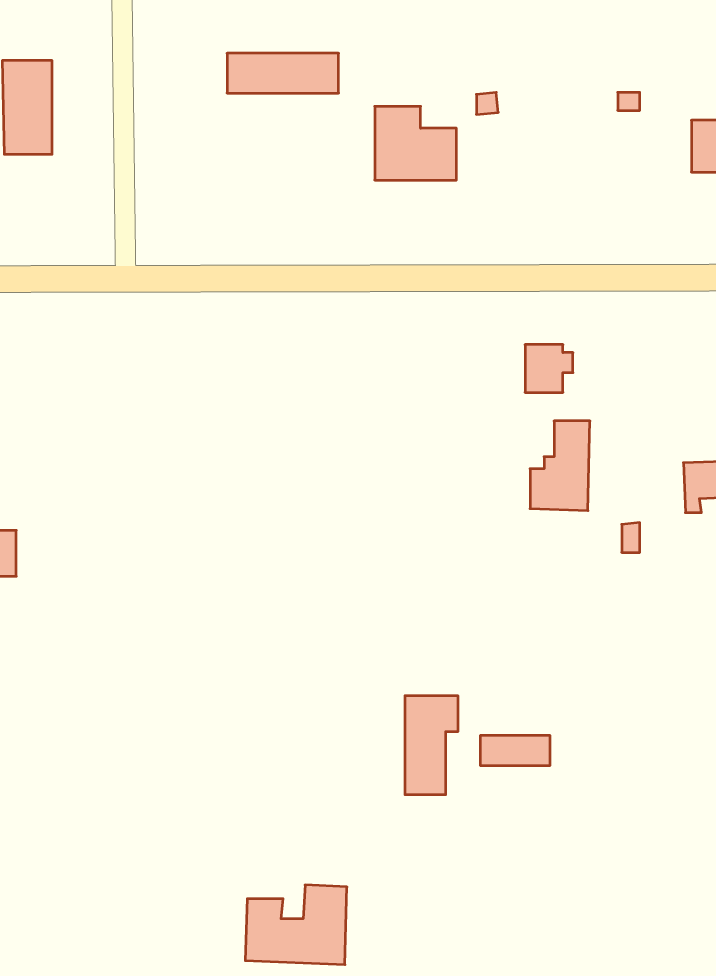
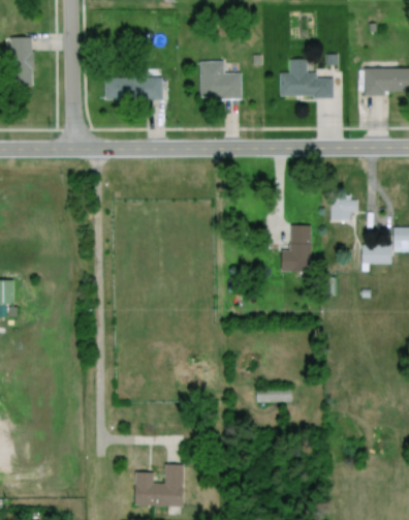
building: [227,53,339,93] -> [104,78,162,98]
building: none -> [279,58,333,96]
building: [525,345,573,392] -> [333,197,357,222]
building: [405,696,458,795] -> none

